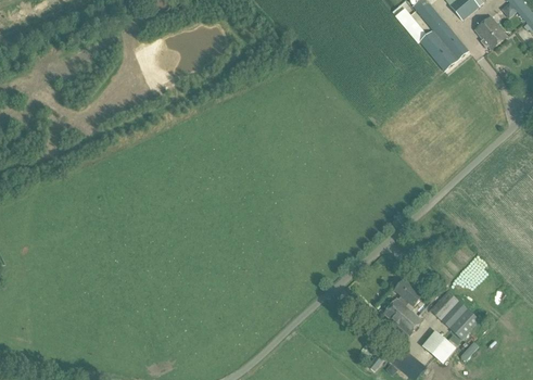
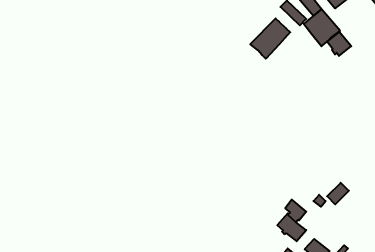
building: [474,16,507,49] -> [327,32,351,56]
building: none -> [250,18,290,59]
building: [429,290,480,339] -> none

